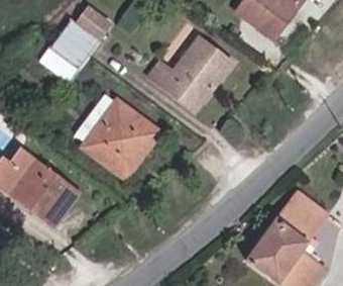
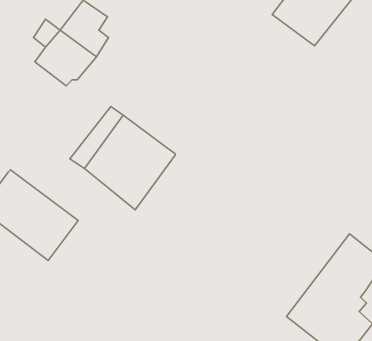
building: [152,35,233,105] -> none

